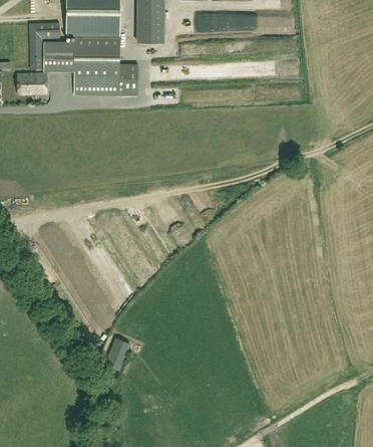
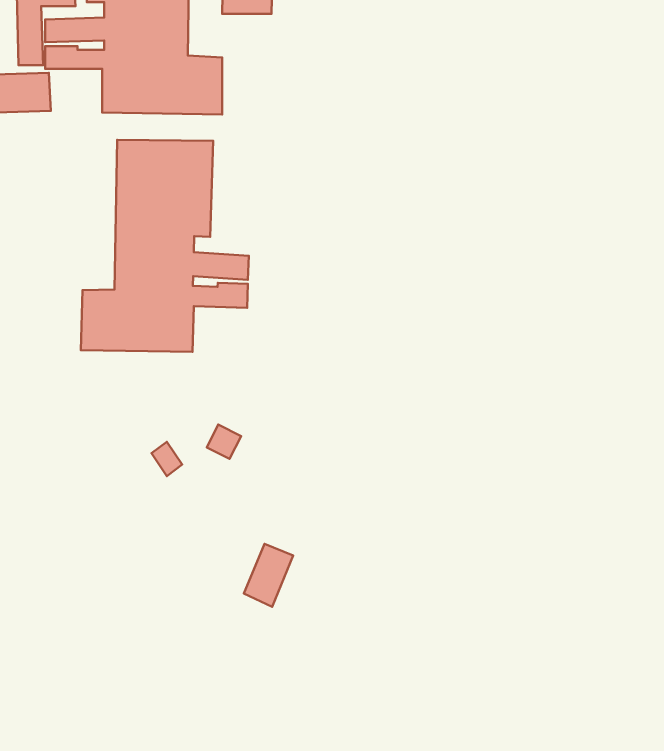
building: none -> [81,140,249,352]
building: [103,337,129,370] -> [244,544,293,607]

